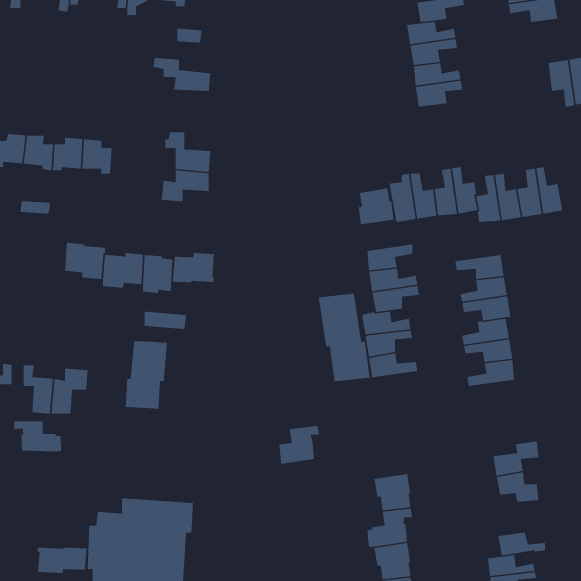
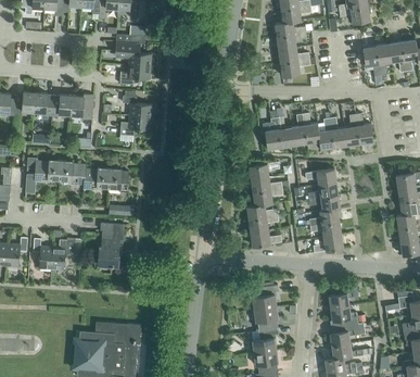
building: none -> [119,65,151,85]
building: [358,187,394,225] -> none
building: none -> [25,159,61,197]
building: [172,252,215,283] -> none
building: [318,293,370,382] -> none
building: [13,420,62,452] -> none
building: [279,425,320,465] -> [253,285,279,310]
building: none -> [330,323,366,345]
building: [37,547,88,574] -> none

